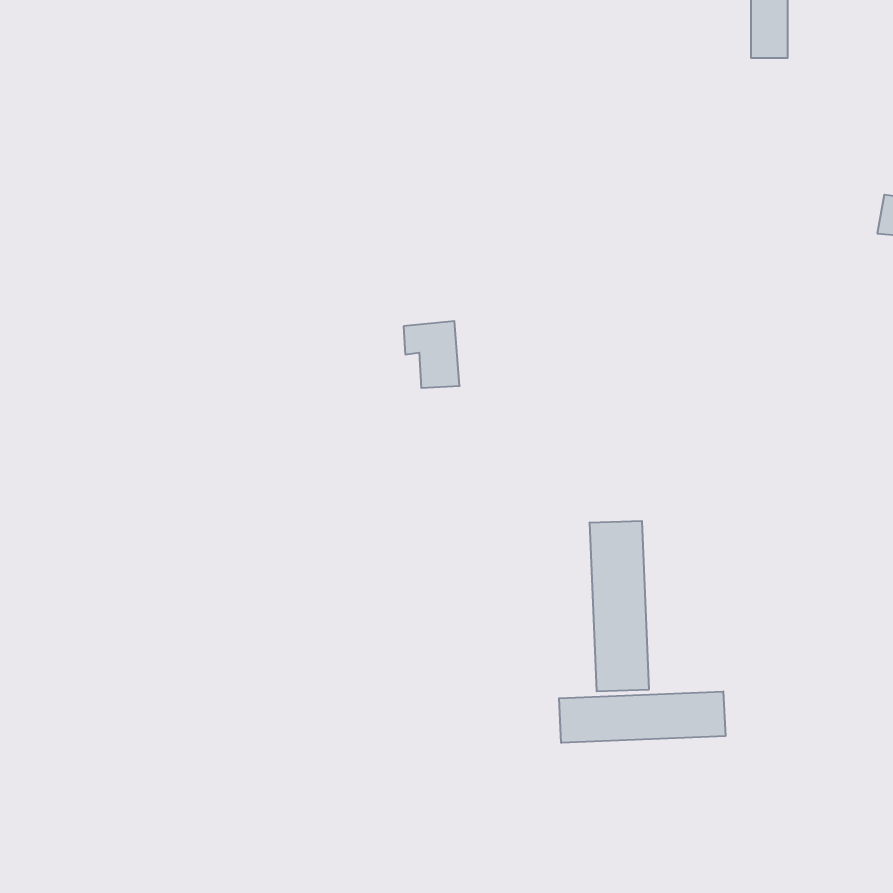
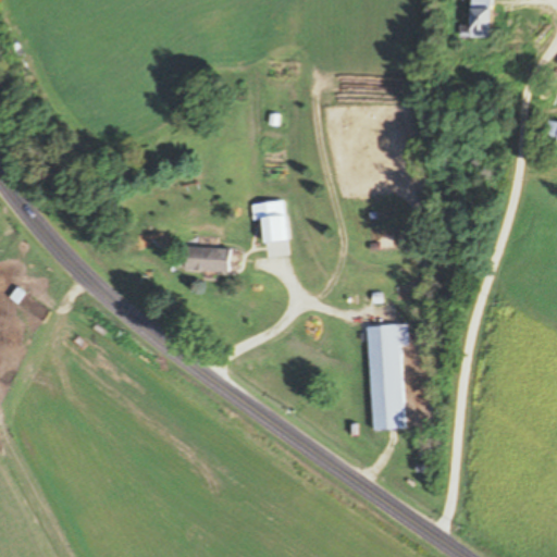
building: none -> [185,247,231,269]
building: [559,691,725,743] -> none

